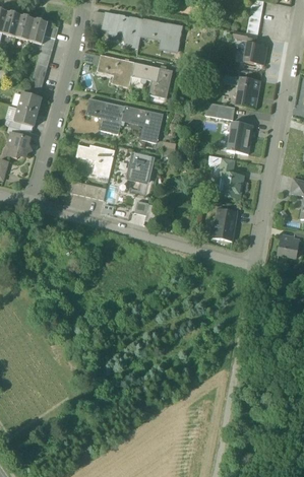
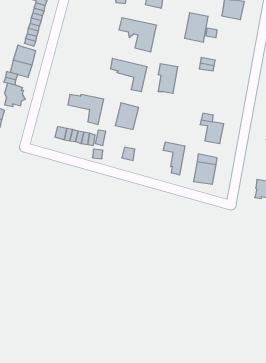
building: [98,54,133,87] -> none
building: [234,77,259,109] -> [185,13,208,42]
building: [86,97,123,134] -> none
building: [230,122,251,153] -> [158,64,178,93]
building: none -> [163,142,185,175]

